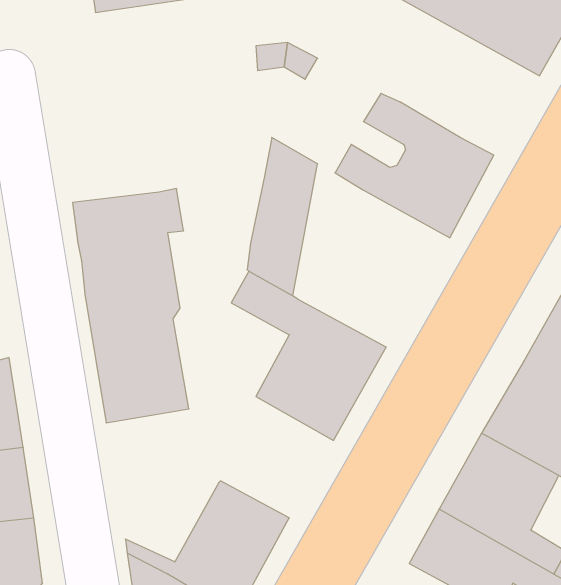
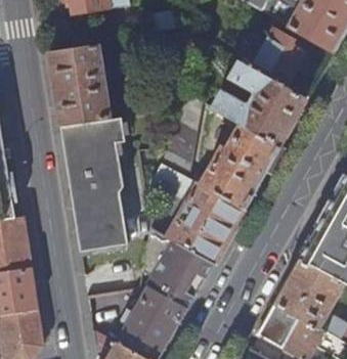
building: none -> [251,29,305,87]
building: none -> [49,45,111,125]
building: none -> [191,118,279,209]
building: none -> [143,228,212,308]

